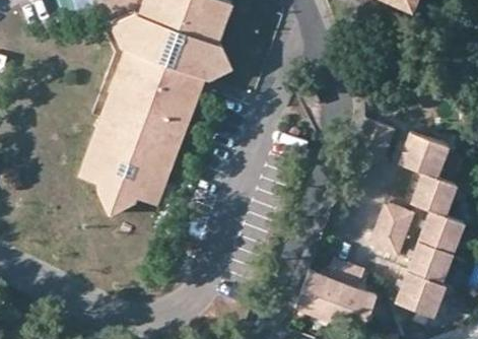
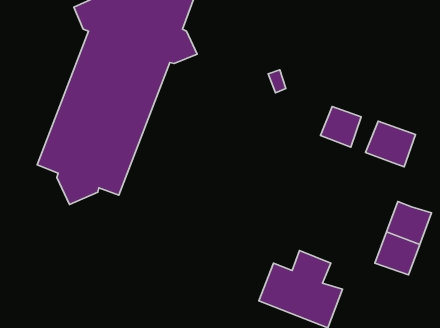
building: [409,174,453,217] -> none
building: [367,204,412,258] -> none
building: [394,272,443,318] -> none

